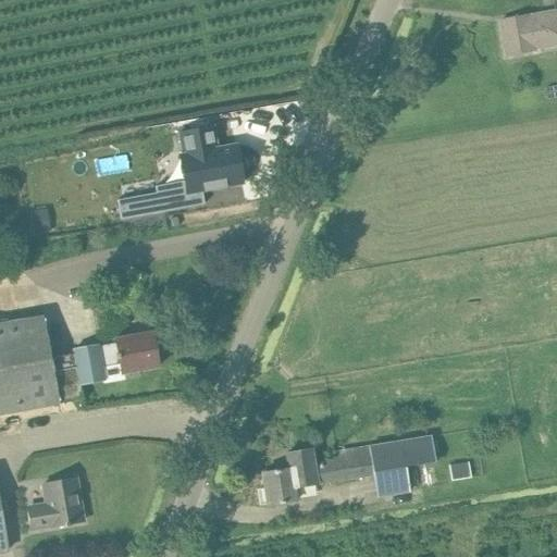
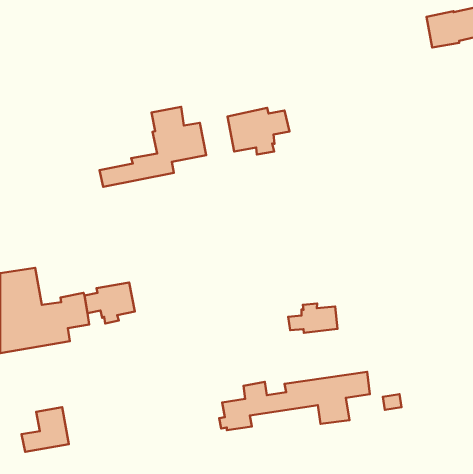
building: none -> [227,108,290,155]
building: none -> [288,304,337,333]

